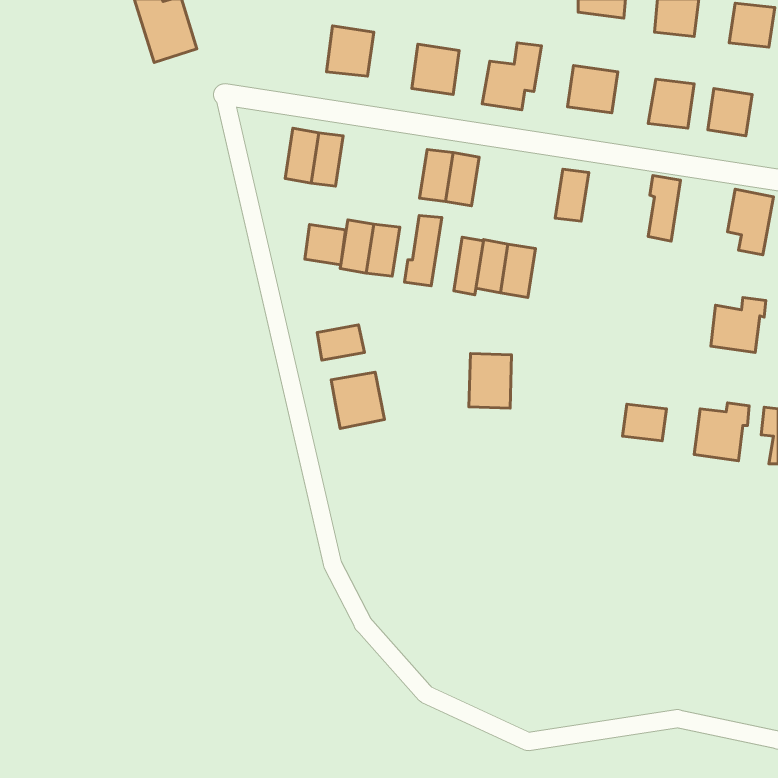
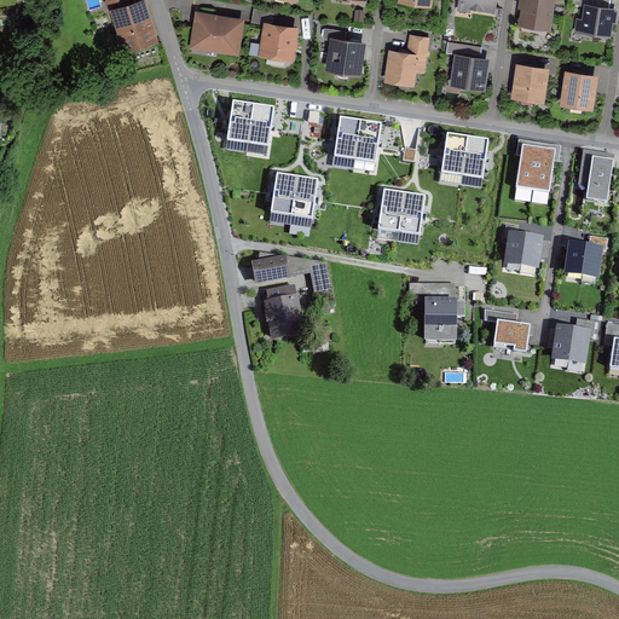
building: none -> [189,11,242,56]
building: none -> [461,137,487,179]
building: none -> [532,143,560,193]
building: [404,215,442,286] -> none
building: [305,224,345,265] -> none
building: [454,237,483,295] -> none
building: none -> [503,232,543,270]
building: [469,353,512,408] -> [423,300,457,343]

